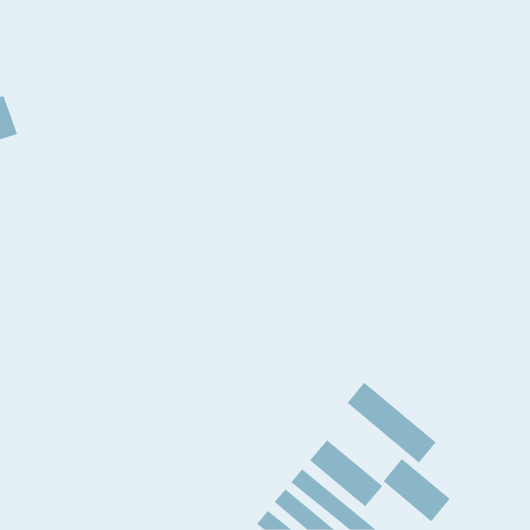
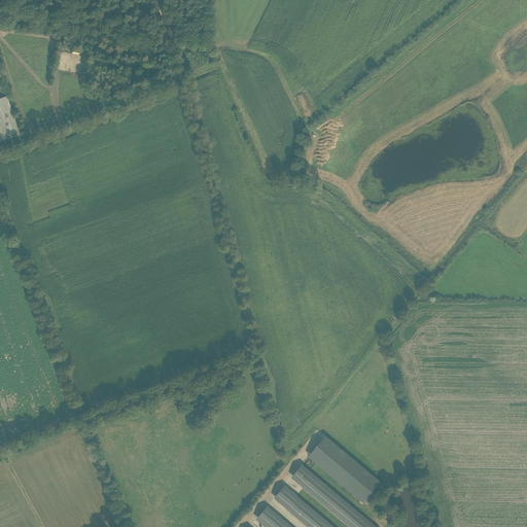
building: [347,382,436,463] -> none
building: [383,458,450,522] -> none

